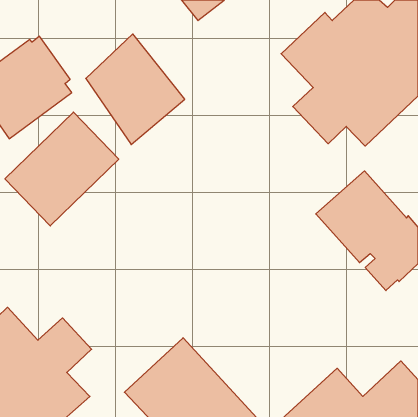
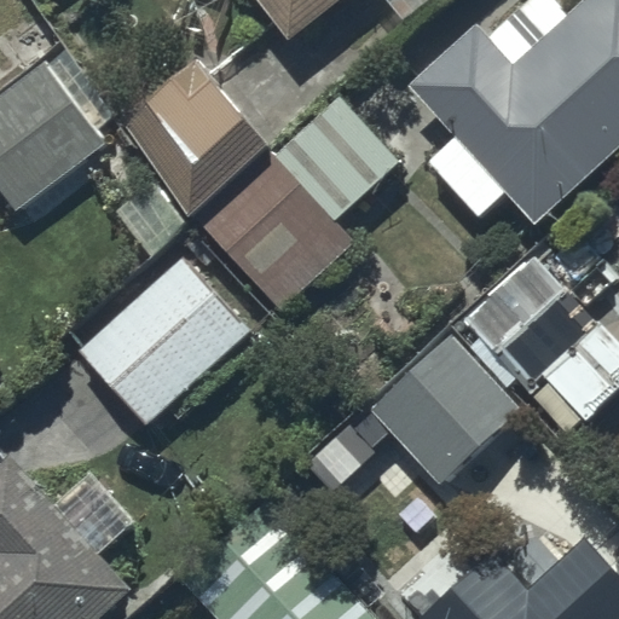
building: none -> [192,96,393,311]
building: [5,112,119,226] -> [81,259,248,426]
building: none -> [317,336,521,490]

